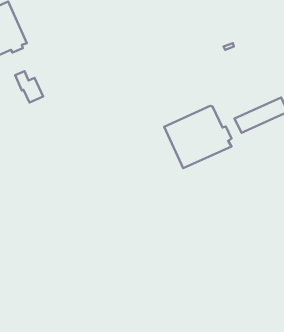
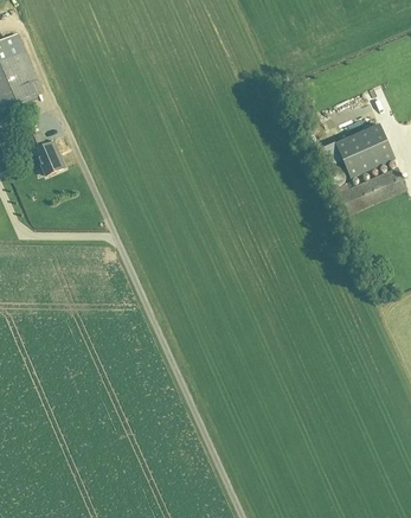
building: none -> [333,122,393,178]
building: [164,106,232,168] -> none

